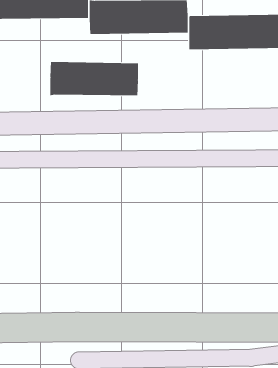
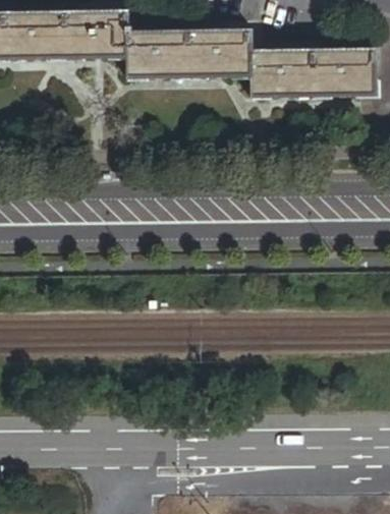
building: [50,61,138,96] -> none

